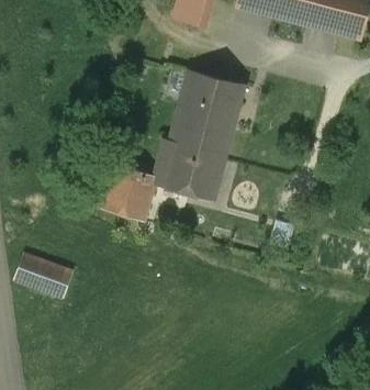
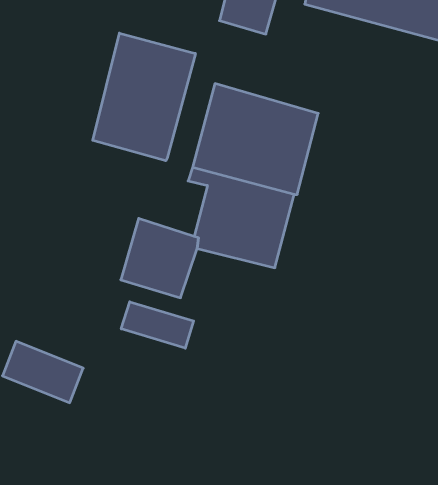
building: none -> [93,33,195,161]
building: none -> [121,302,194,348]

